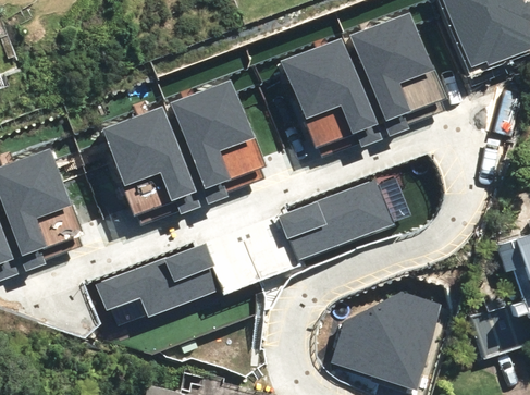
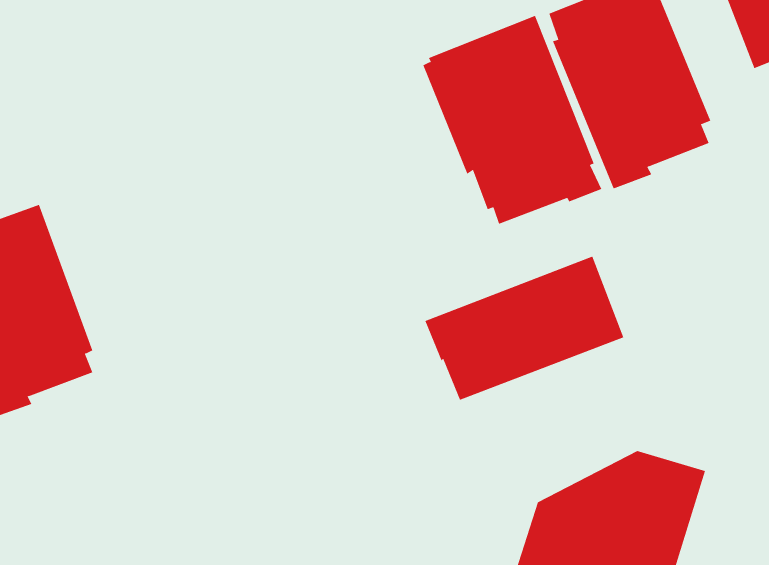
building: [170,79,263,206] -> none
building: [100,104,200,226] -> none
building: [95,243,218,326] -> none

